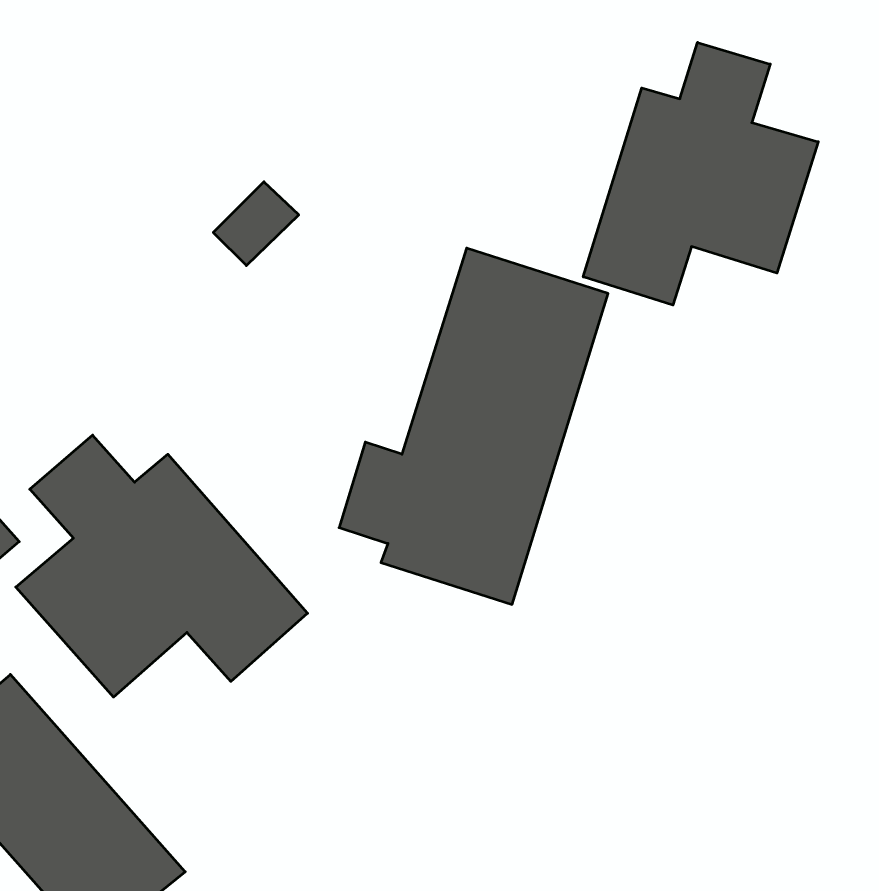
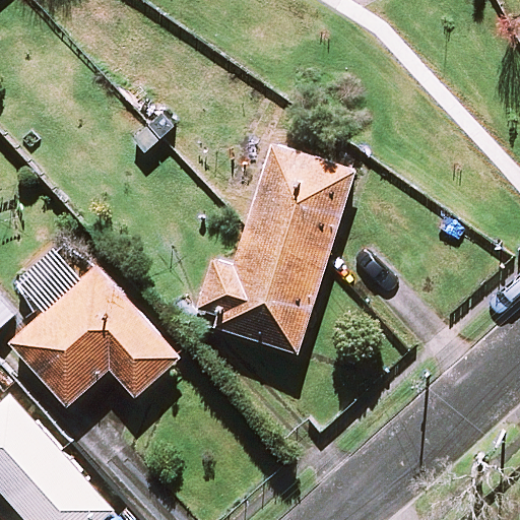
building: [583,42,818,305] -> none

